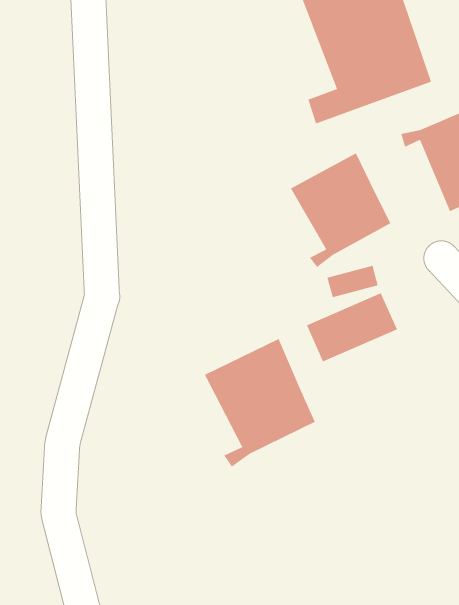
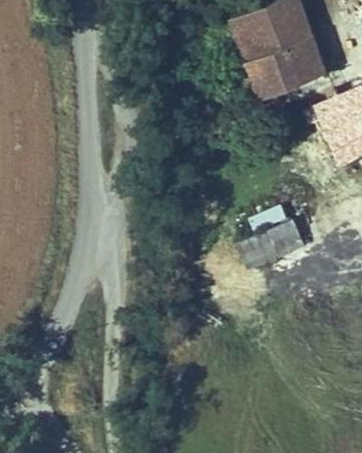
building: [290,152,391,268] -> none
building: [204,338,315,468] -> none

